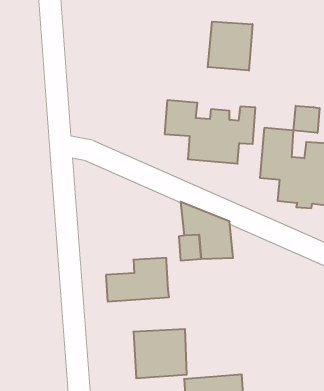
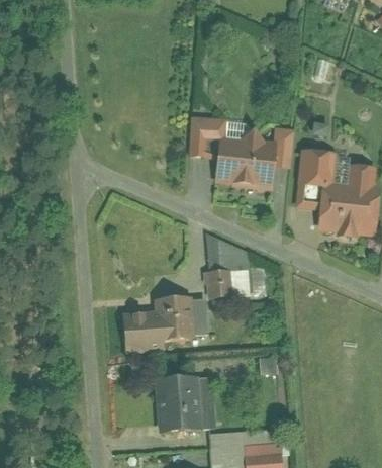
building: [208,22,252,71] -> none
building: [294,106,320,133] -> none
building: none -> [191,299,209,333]

